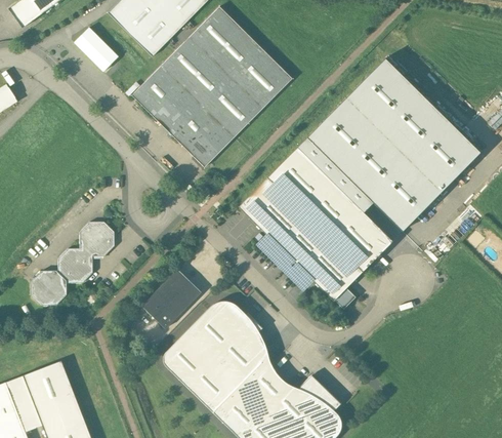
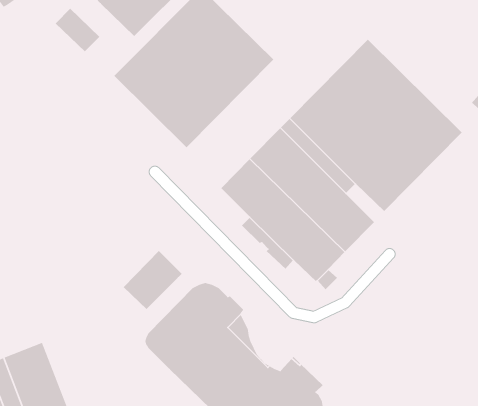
building: [32,222,115,306] -> none

